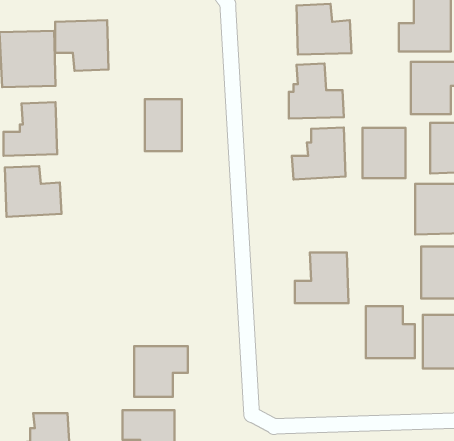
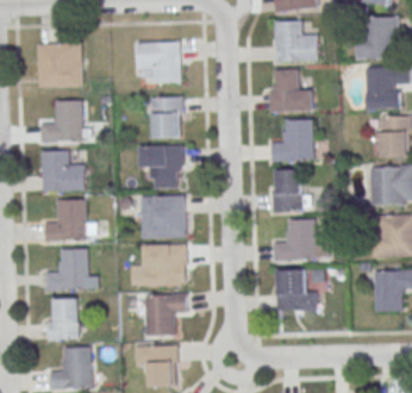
building: [55,20,109,71] -> [137,42,180,82]
building: [363,128,406,178] -> [271,169,306,210]
building: none -> [138,144,183,187]
building: none -> [139,194,185,238]
building: none -> [44,198,88,241]
building: none -> [143,244,186,285]
building: none -> [44,248,88,291]
building: [366,306,415,358] -> [276,269,316,311]
building: none -> [49,295,79,338]

